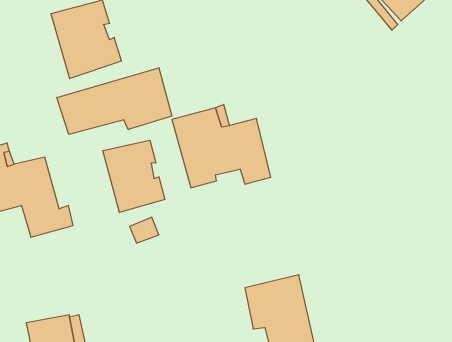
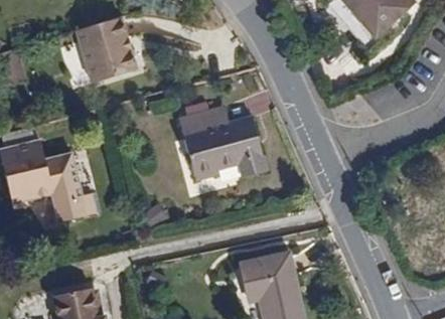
building: [57,68,172,134] -> none
building: [103,140,165,213] -> none

